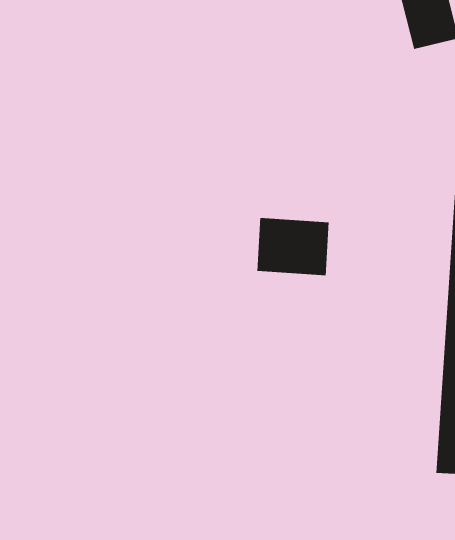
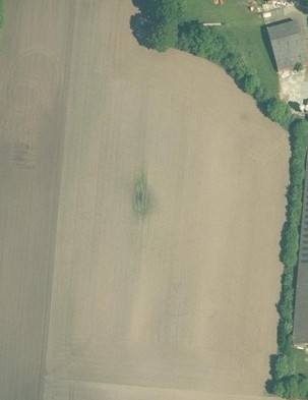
building: [257,217,329,276] -> none

